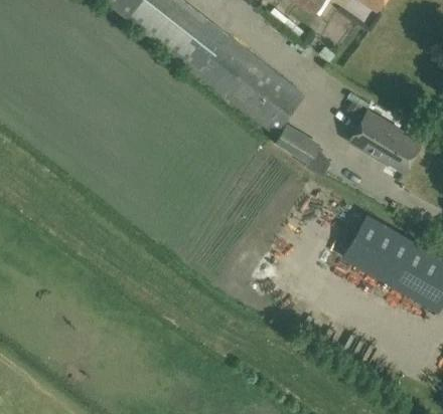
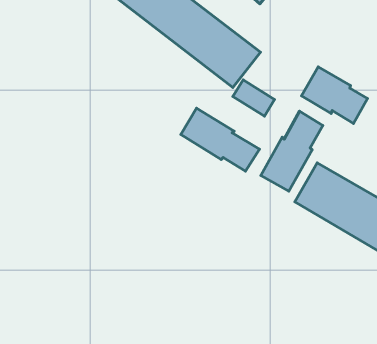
building: none -> [181,108,260,171]
building: none -> [261,111,323,191]

